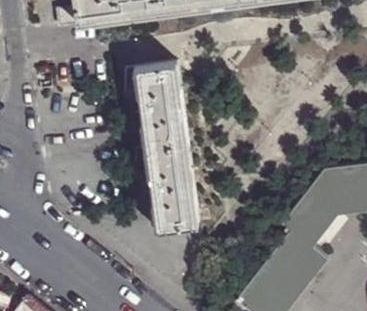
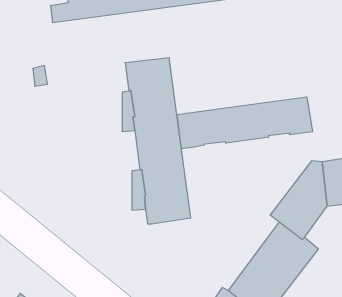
building: none -> [177,97,313,149]

